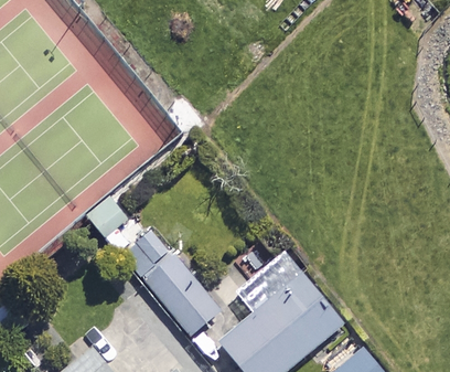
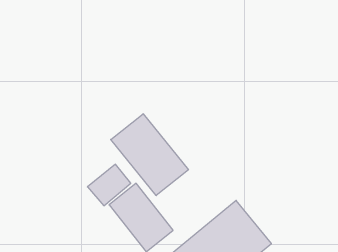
building: none -> [111,114,188,196]

